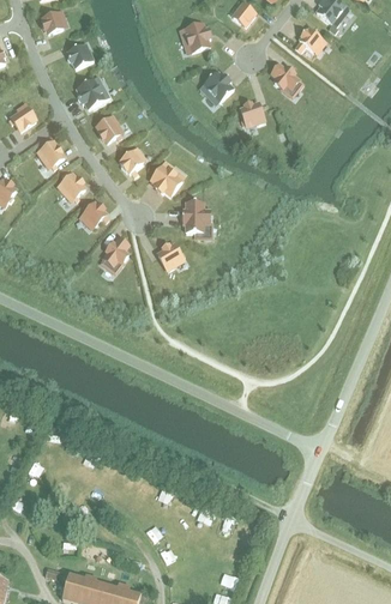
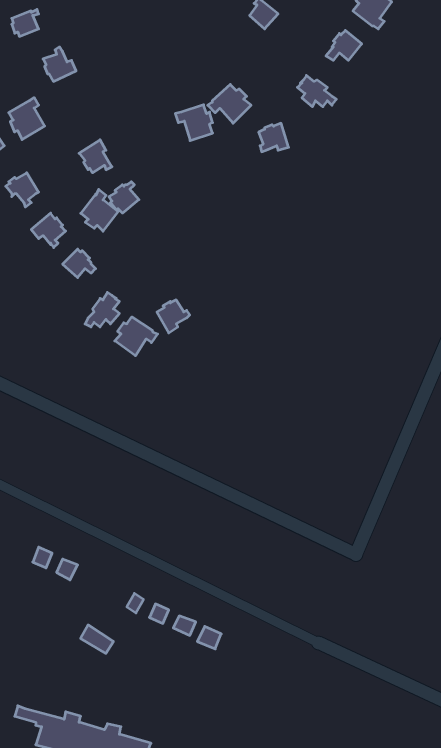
building: [179,23,209,52] -> [175,105,213,141]
building: [76,76,104,109] -> [9,98,45,140]
building: [150,161,180,194] -> [81,189,118,231]
building: [181,201,209,237] -> none
building: none -> [115,317,158,356]

